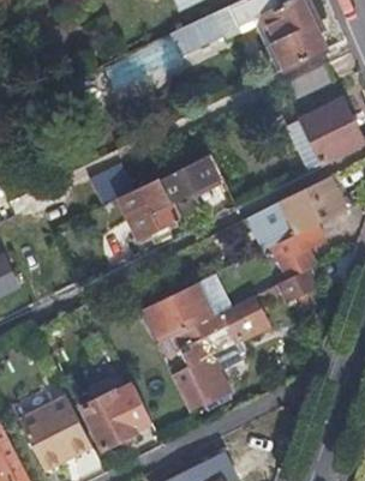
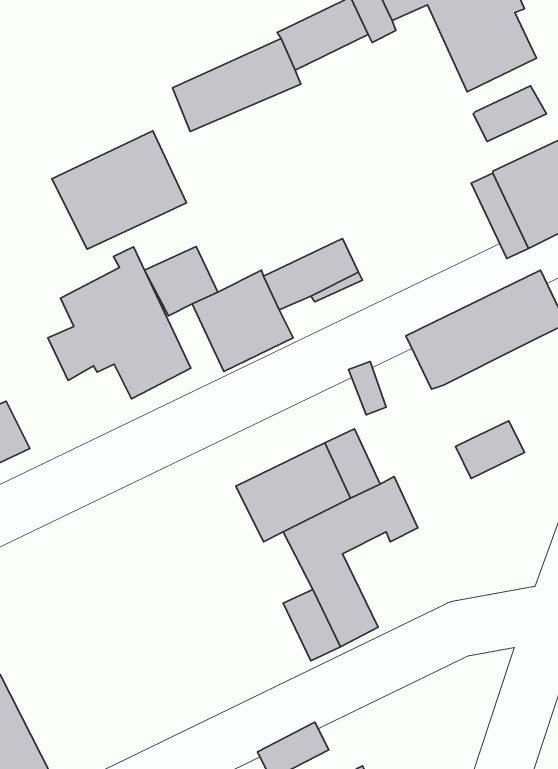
building: none -> [52,131,187,249]
building: none -> [48,247,191,399]
building: [270,223,327,279] -> none
building: [82,380,152,450] -> none
building: [20,397,91,469] -> none

